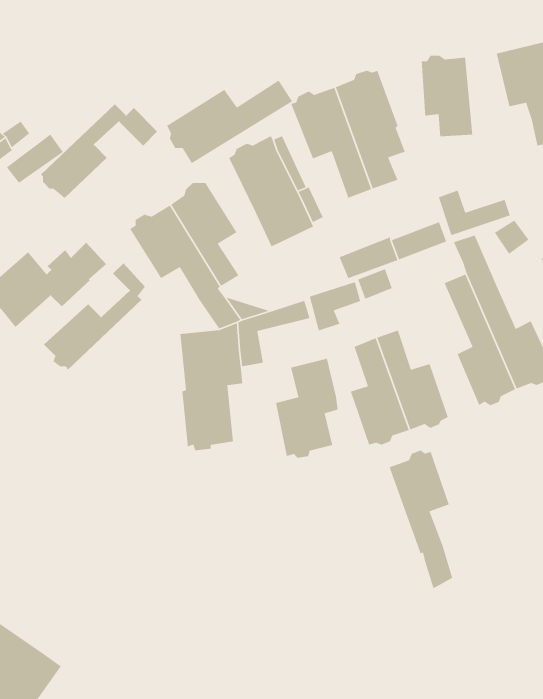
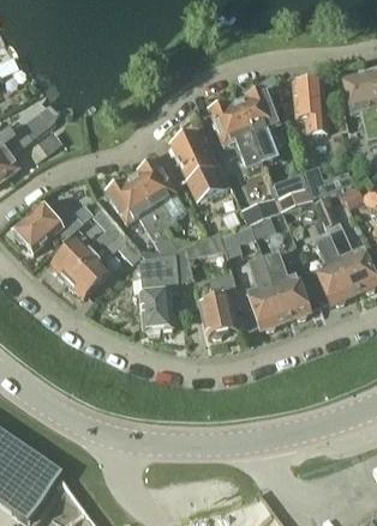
building: [166,80,293,164] -> none
building: [40,103,158,199] -> [66,235,142,296]
building: [389,449,453,589] -> none

